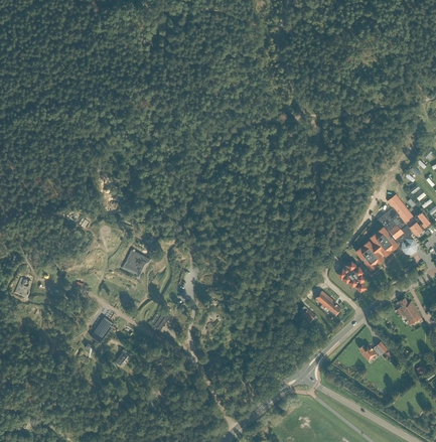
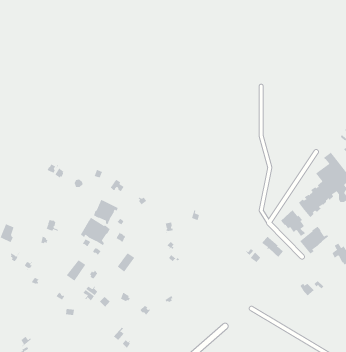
building: none -> [80,217,111,246]
building: none -> [299,226,329,254]

